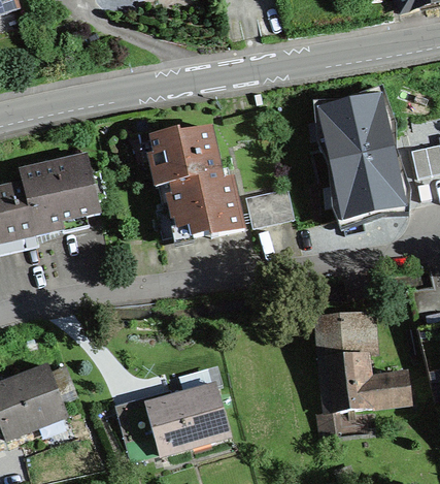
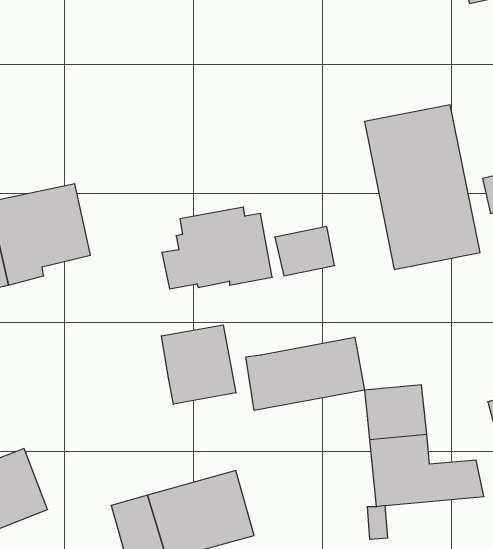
building: [149,126,222,185] -> none
building: none -> [161,325,236,404]
building: none -> [246,337,364,410]

